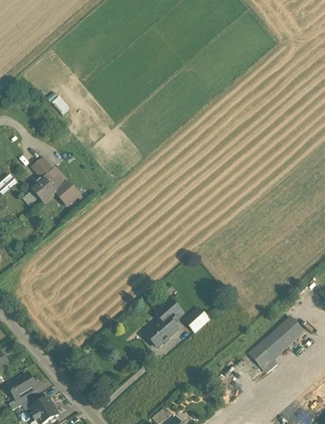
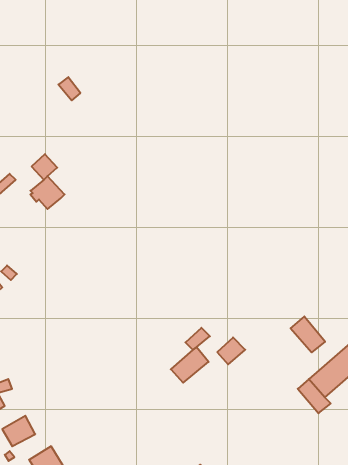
building: [44,169,76,205] -> none
building: none -> [291,316,325,352]

